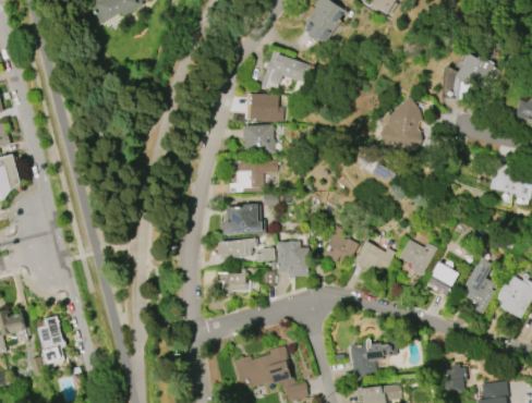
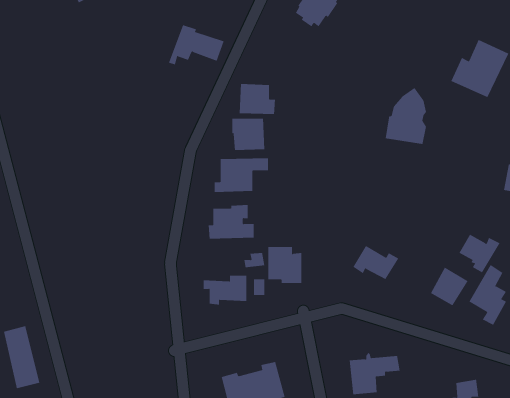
building: [259,50,311,87] -> [168,24,224,65]
building: [322,233,358,262] -> none
building: [218,239,255,259] -> none
building: [398,240,436,276] -> [459,234,500,273]

